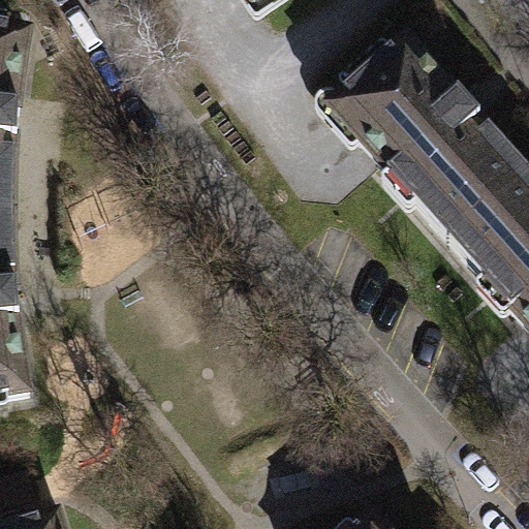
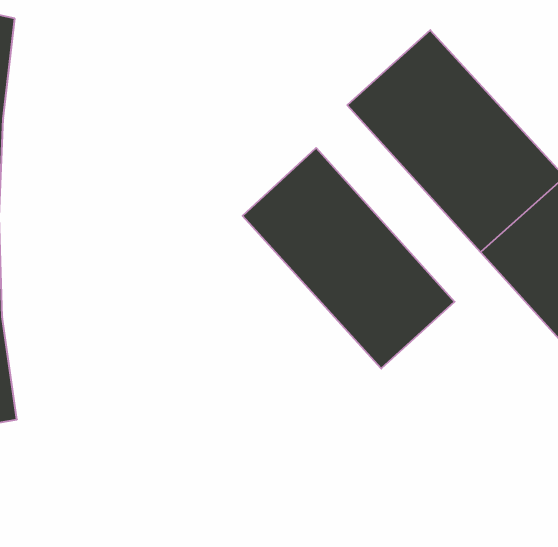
building: none -> [243,148,455,369]

